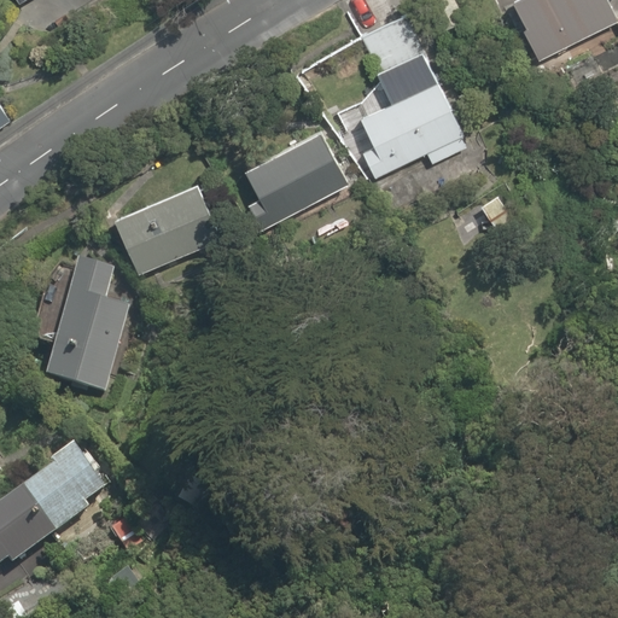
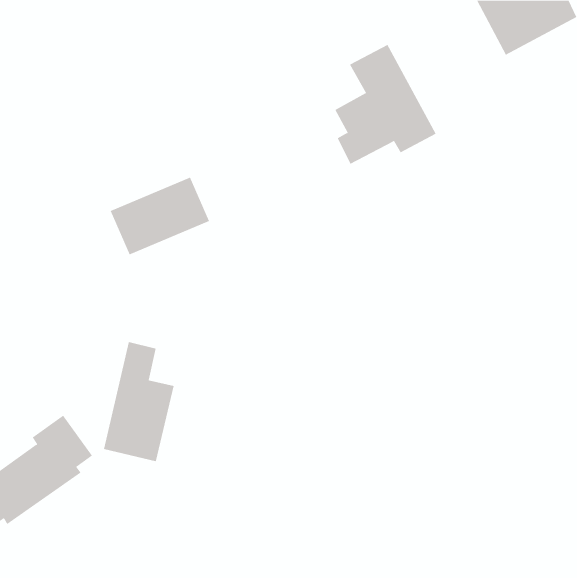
building: [247,123,345,214] -> none
building: [52,261,128,389] -> [103,342,175,462]

